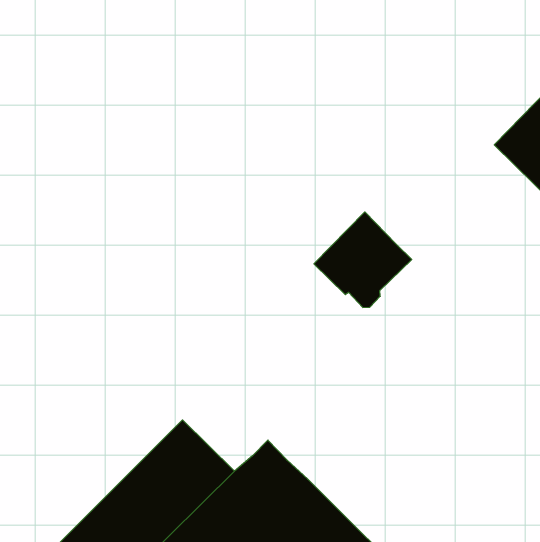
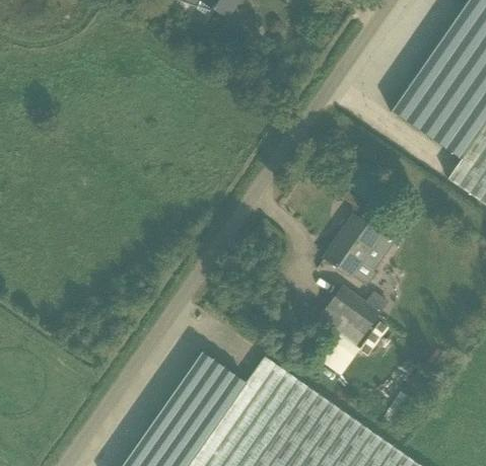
building: [314,212,412,307] -> [325,216,395,285]
building: none -> [320,288,380,346]

